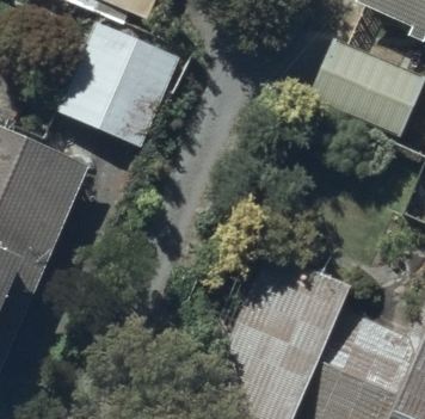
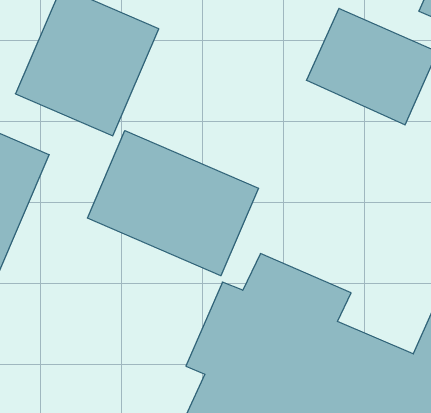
building: none -> [87,131,259,276]

